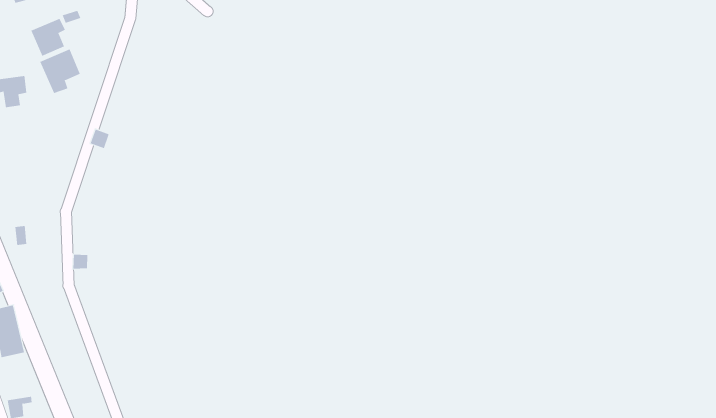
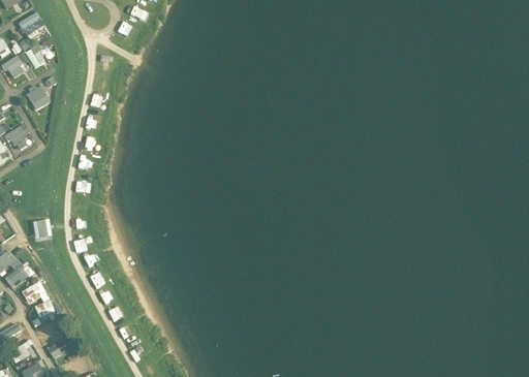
building: [40,48,81,94] -> none

